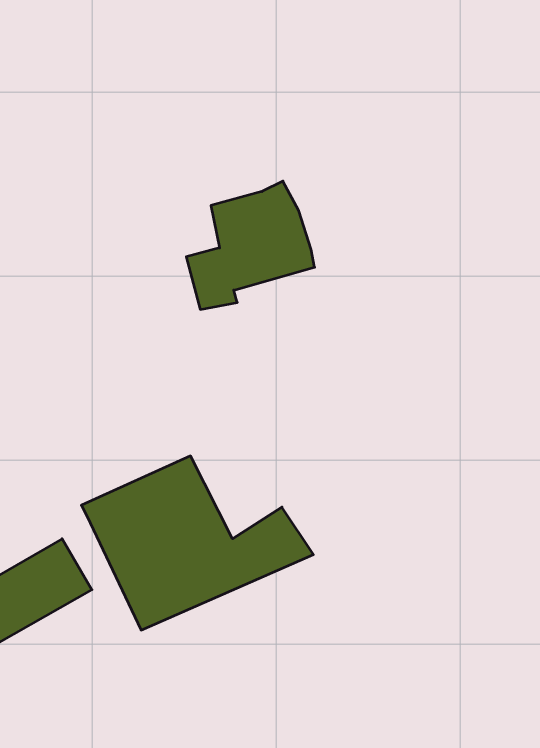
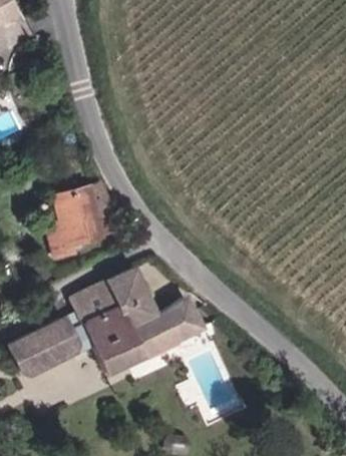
building: [186,181,315,309] -> [44,184,117,258]

